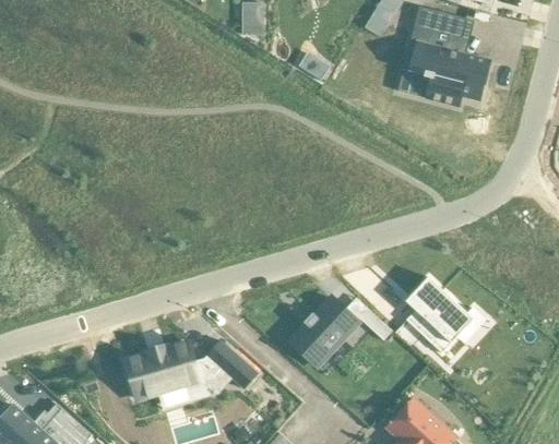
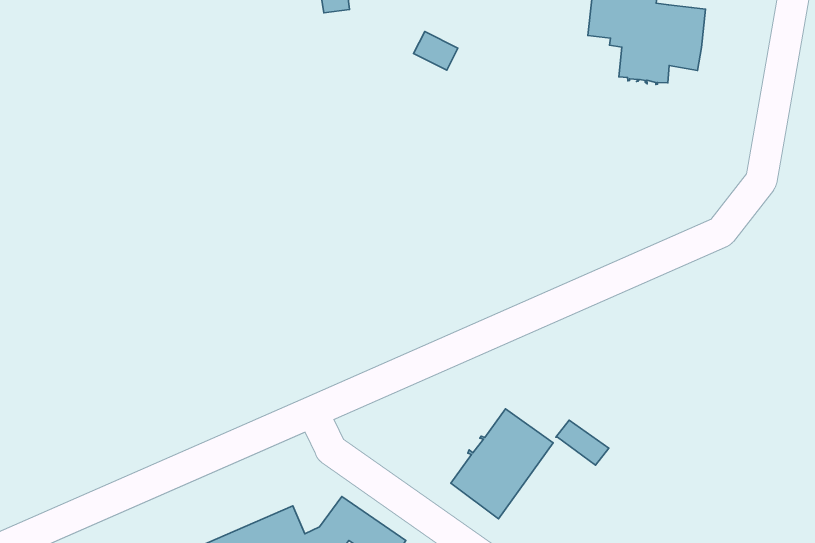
building: [405,277,473,353] -> none

